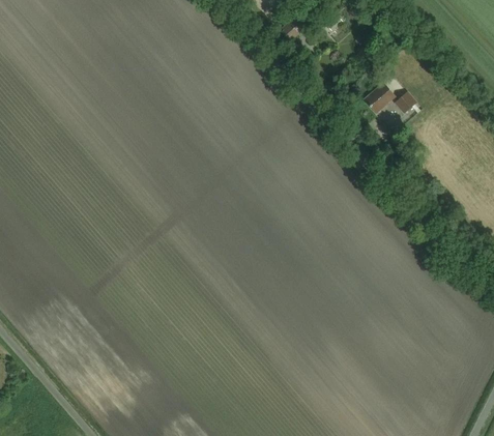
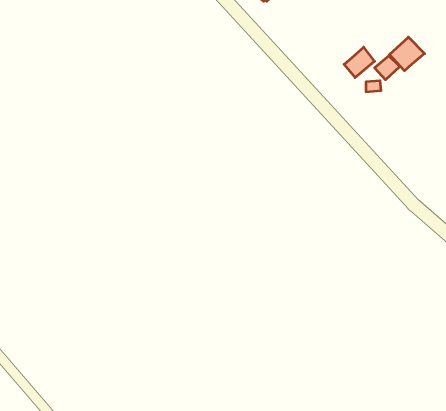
building: none -> [389,37,425,71]

